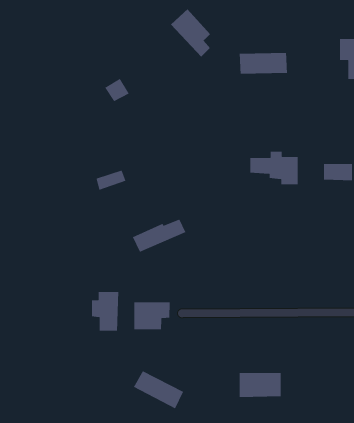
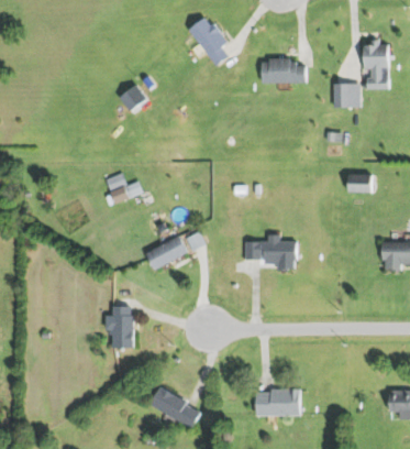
building: none -> [334,84,359,108]
building: [249,151,299,185] -> [246,236,297,271]
building: [133,302,171,330] -> none

